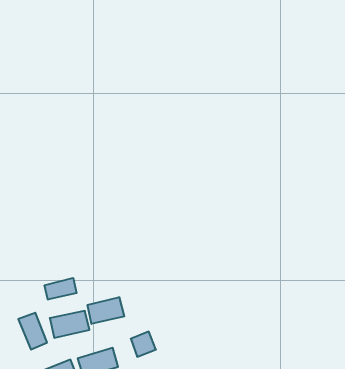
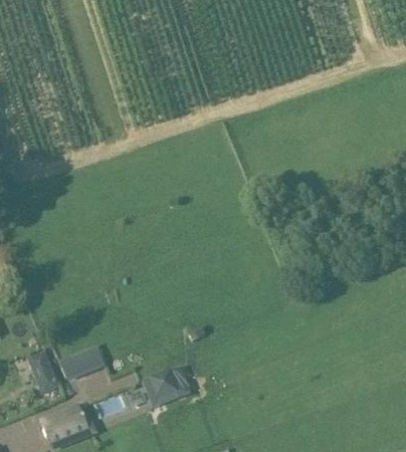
building: [45,278,77,300] -> none
building: [88,297,124,324] -> none

